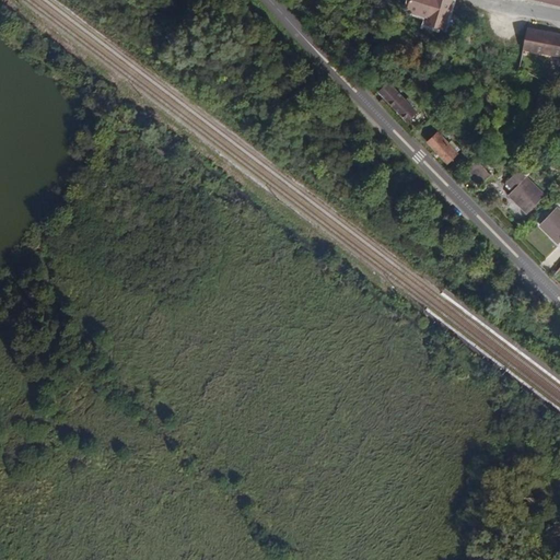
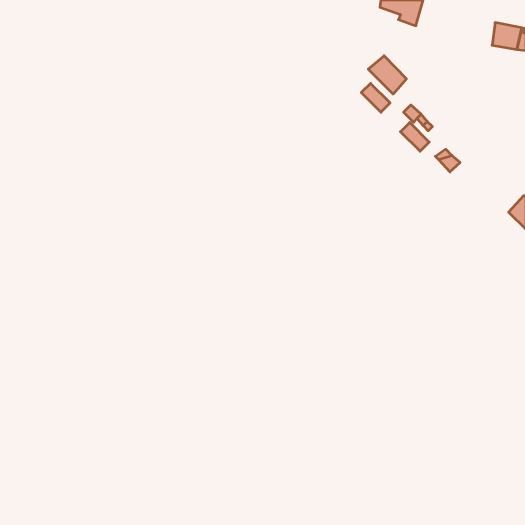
building: none -> [368,56,406,94]
building: [506,171,545,214] -> none

